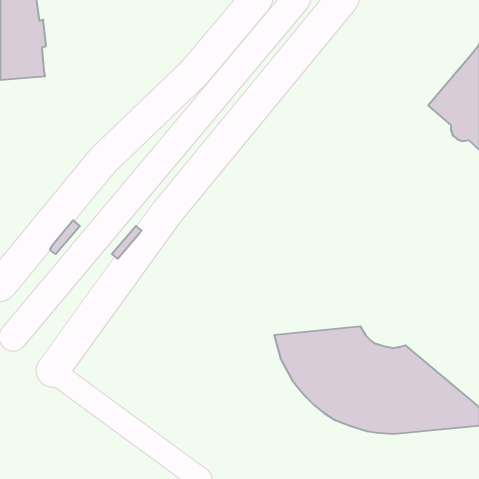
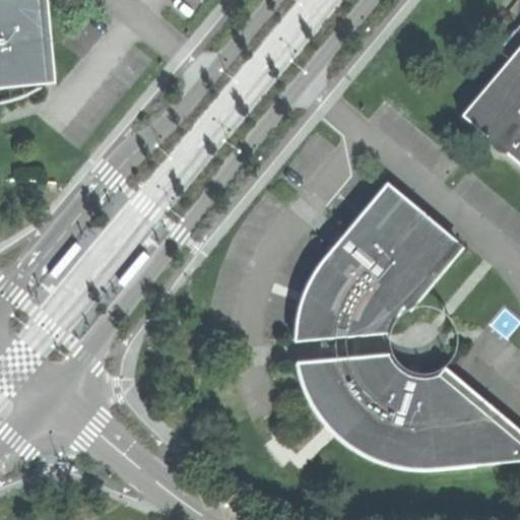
building: none -> [296,182,459,340]

